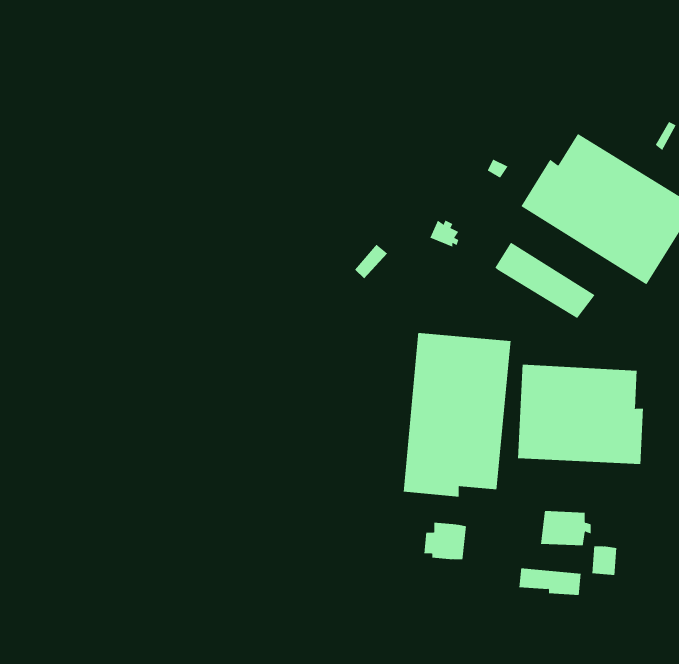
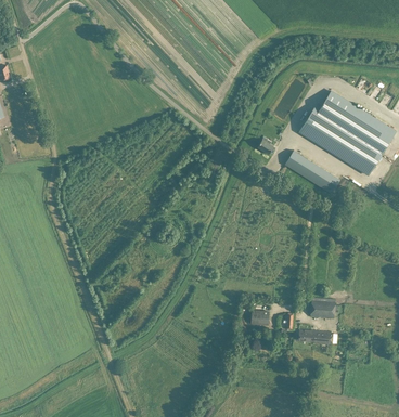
building: [403,332,511,497] -> none
building: [518,364,644,465] -> none

